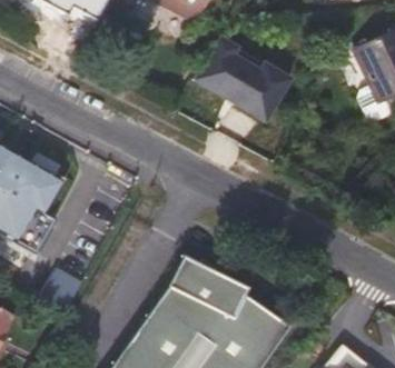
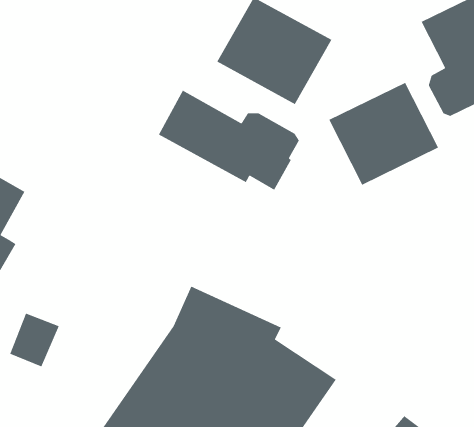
building: none -> [328,82,439,186]
building: none -> [158,89,300,191]

